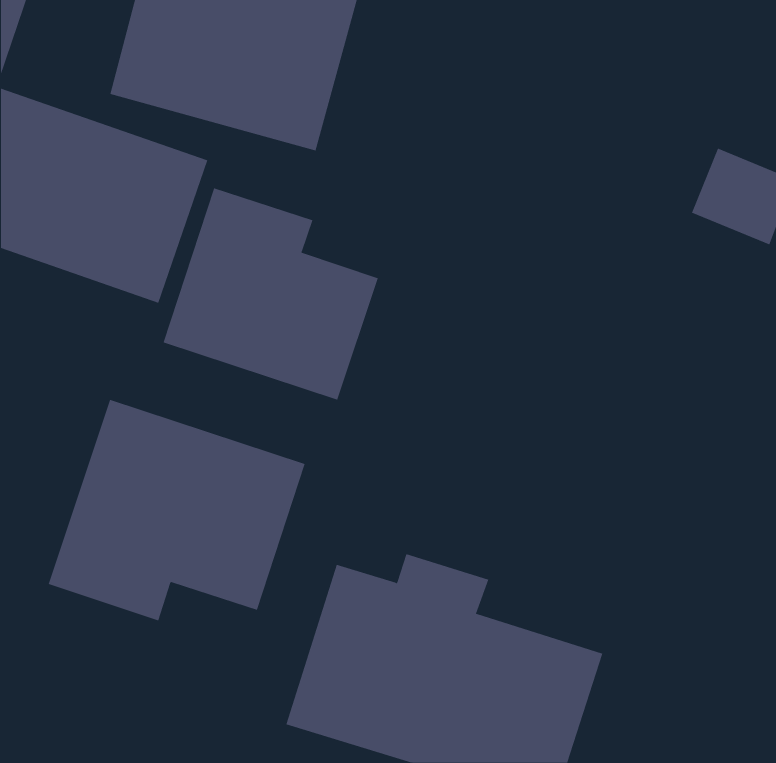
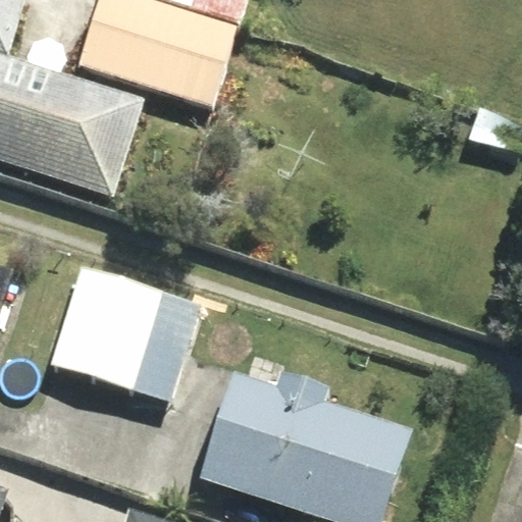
building: [163,187,379,401] -> none

